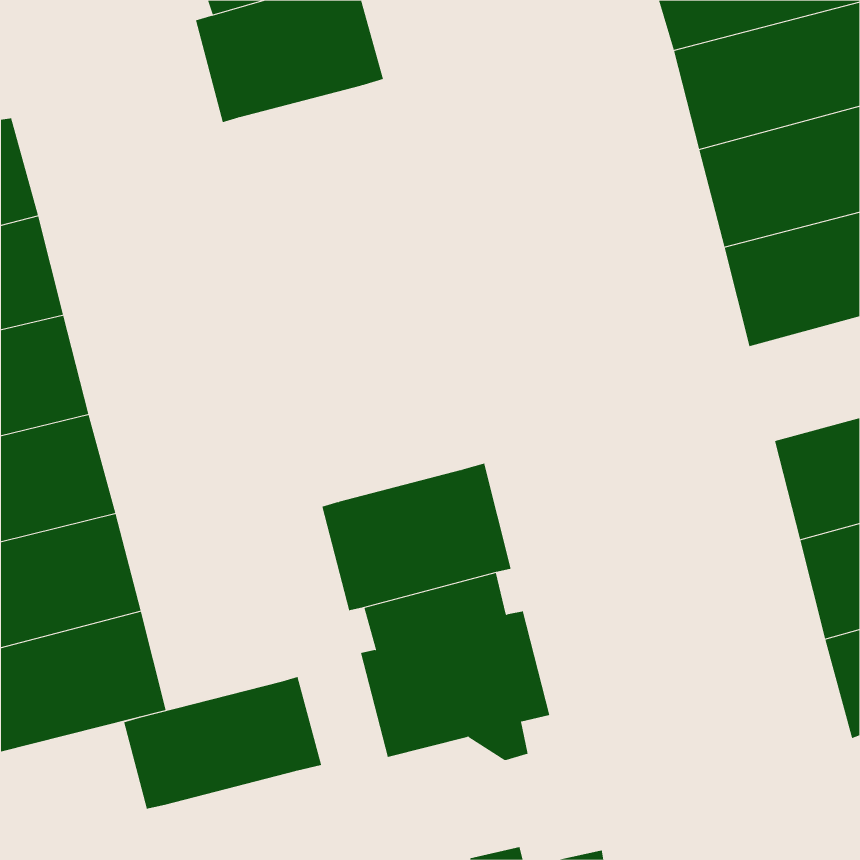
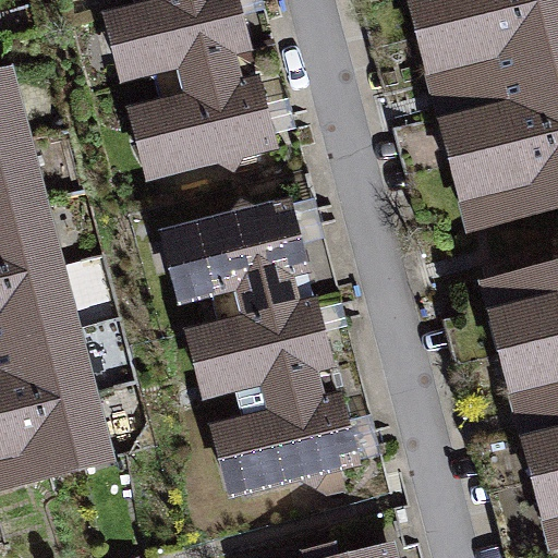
building: none -> [151,56,274,174]
building: none -> [183,205,306,325]
building: [124,676,322,810] -> none

